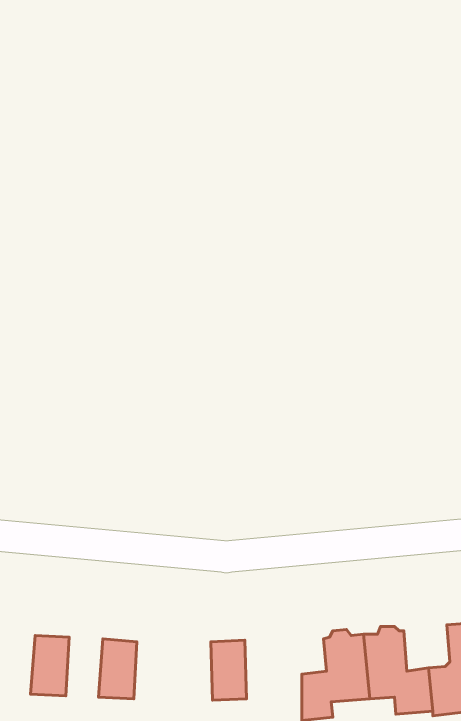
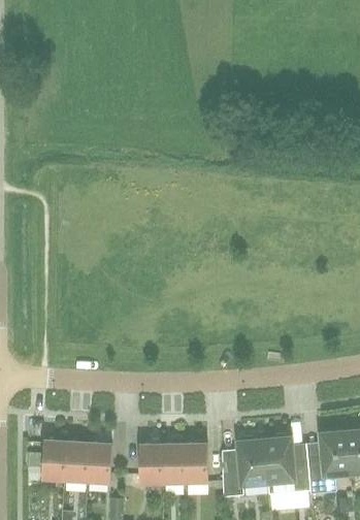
building: none -> [64,441,89,481]
building: none -> [184,443,207,482]
building: none -> [138,444,162,483]

